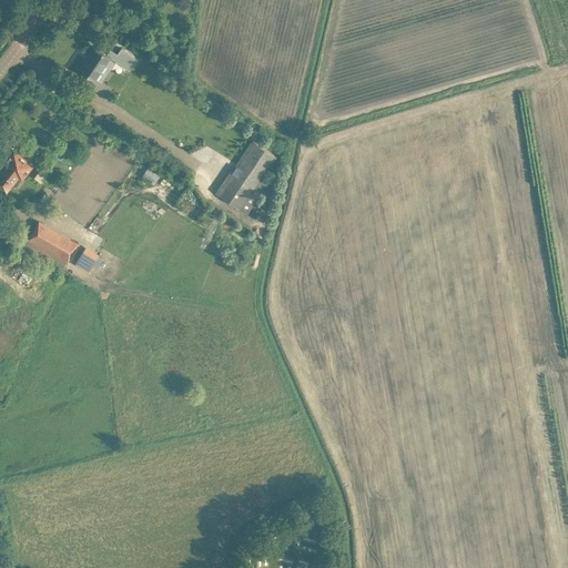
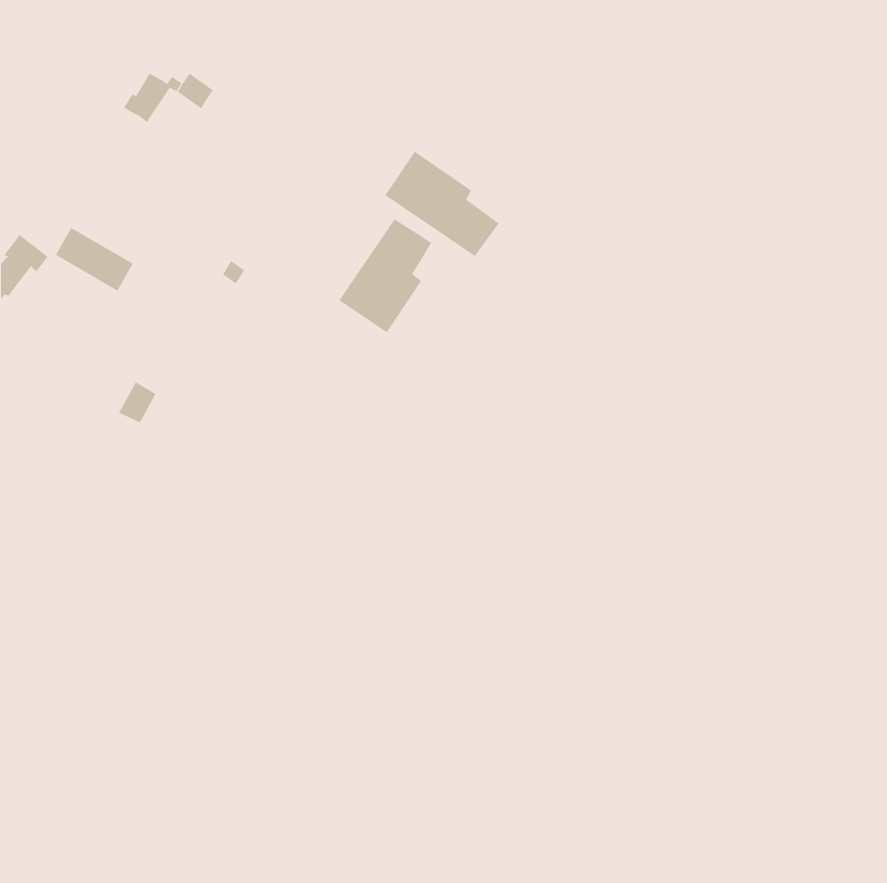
building: none -> [384,151,500,257]
building: [28,223,78,264] -> [55,227,133,291]

